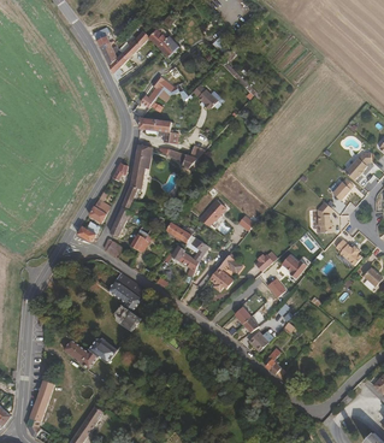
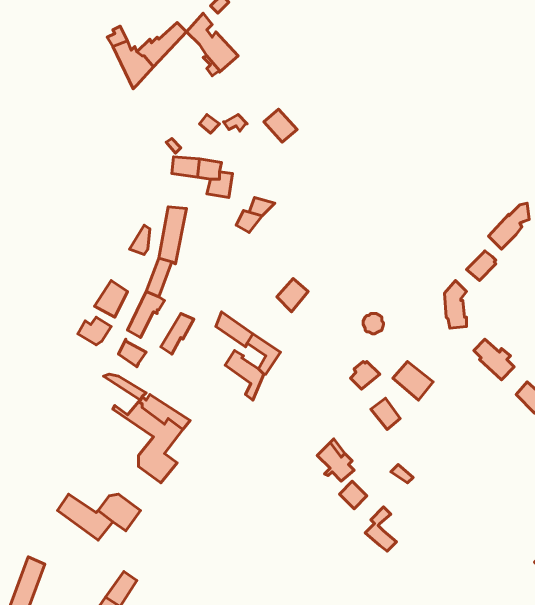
building: [208,253,241,293] -> none

